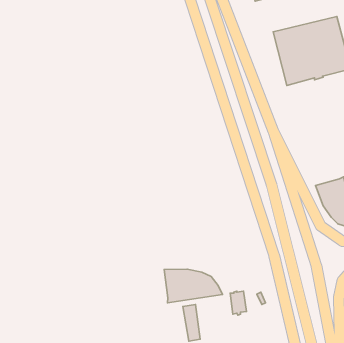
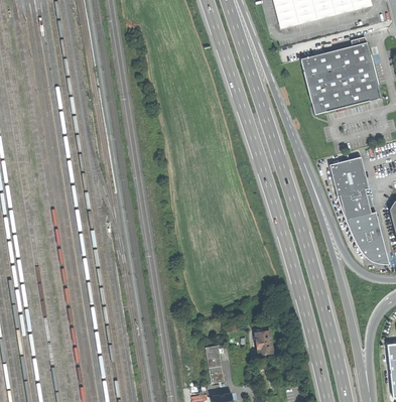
building: none -> [329,157,371,220]
building: [164,269,223,303] -> none

